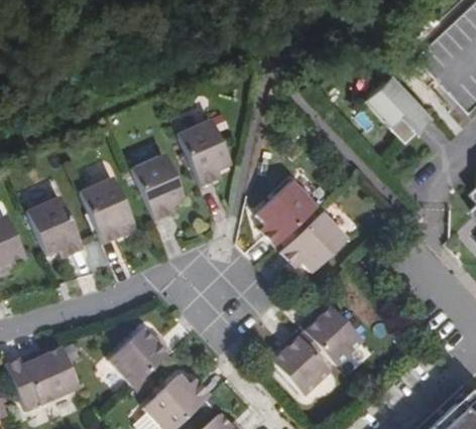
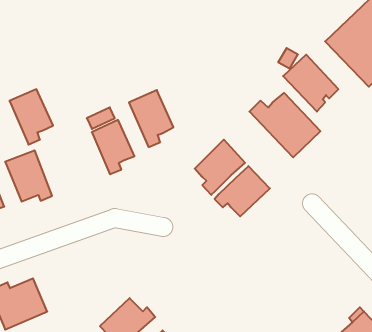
building: none -> [249,93,320,157]
building: [80,176,133,244] -> [9,89,53,145]
building: [299,306,362,367] -> none
building: [107,325,171,387] -> none
building: [267,334,329,397] -> none

